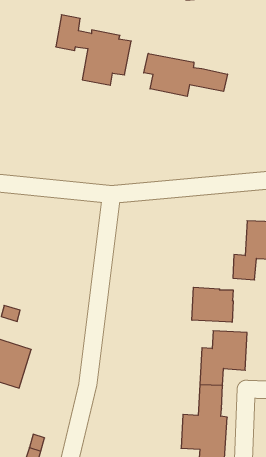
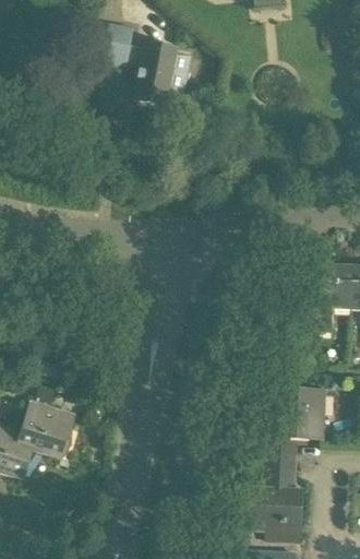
building: [144,53,227,96] -> none
building: [192,287,233,322] -> none

